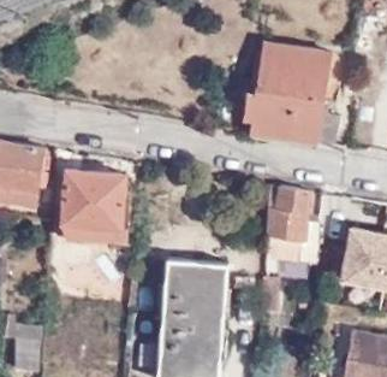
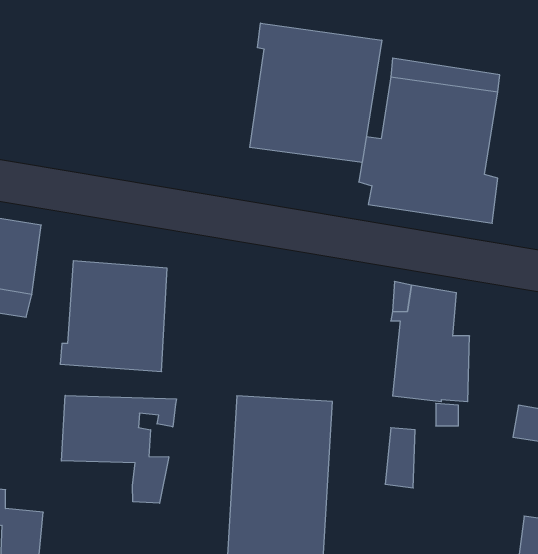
building: none -> [250,23,382,162]
building: none -> [61,395,176,503]

